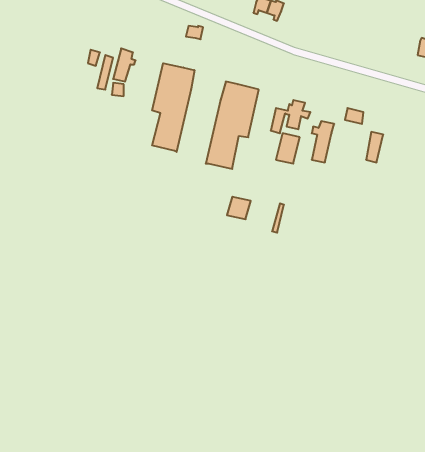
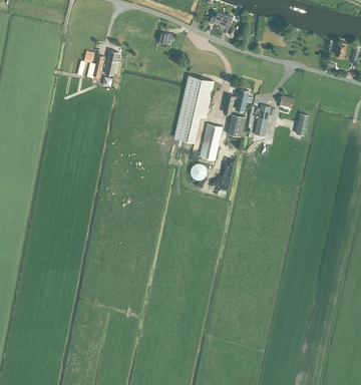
building: [152,63,194,152] -> none
building: none -> [199,123,223,160]

